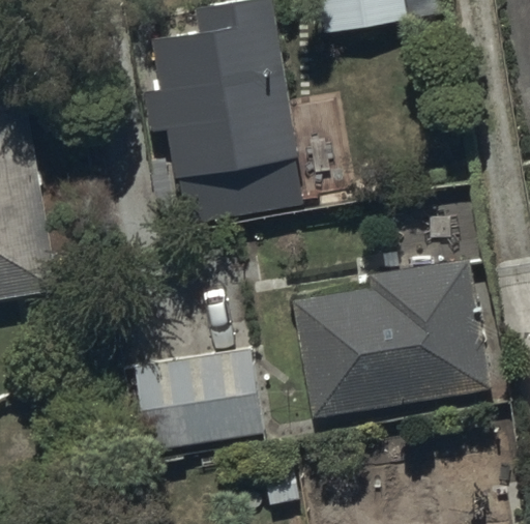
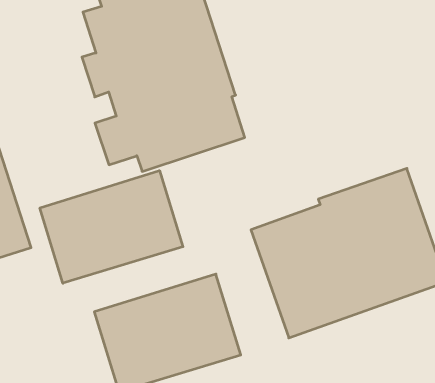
building: none -> [40,171,183,283]

